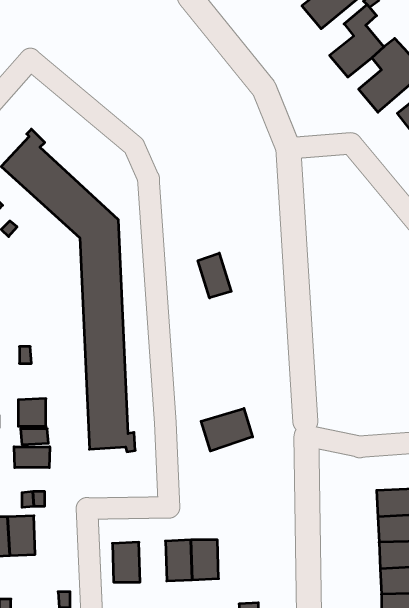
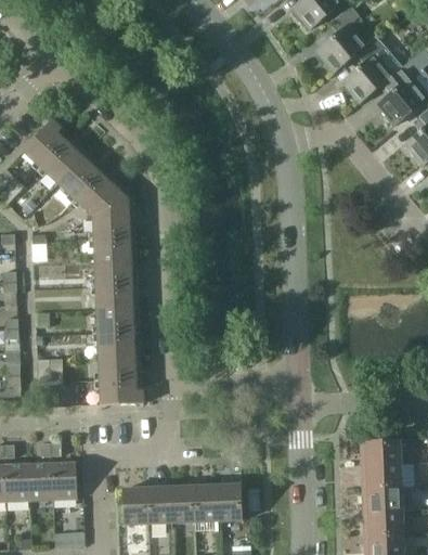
building: [198,253,231,298] -> none
building: [201,408,253,451] -> none
building: [14,447,50,468] -> none
building: none -> [51,463,76,499]
building: none -> [216,485,242,520]
building: none -> [145,487,170,524]

